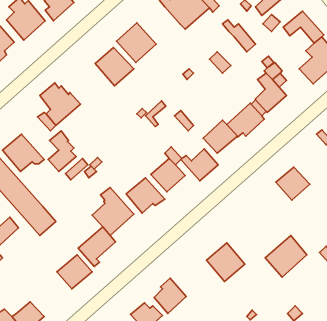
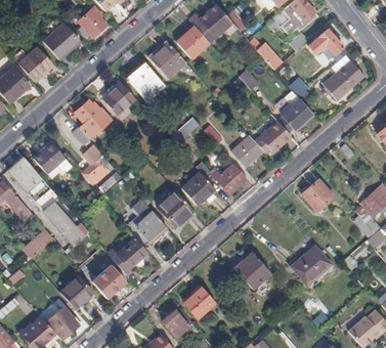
building: none -> [177,27,209,58]
building: none -> [103,84,136,116]
building: none -> [59,275,94,307]

